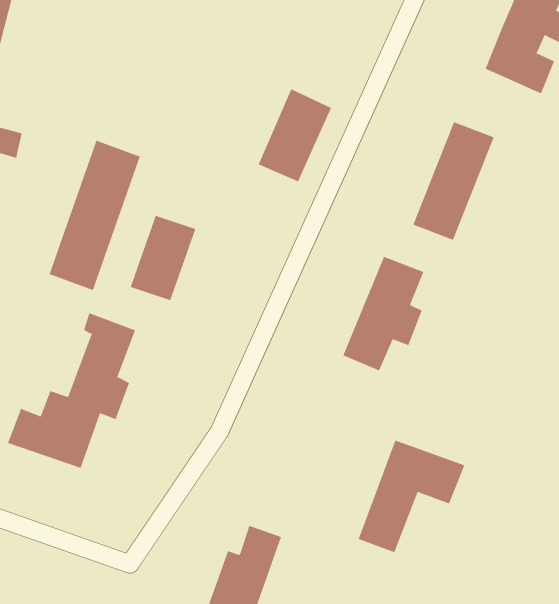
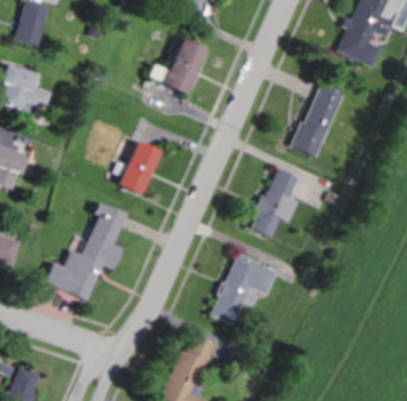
building: [258,88,332,182] -> [163,37,208,95]
building: [49,140,140,291] -> none
building: [358,440,465,553] -> [213,254,279,324]

